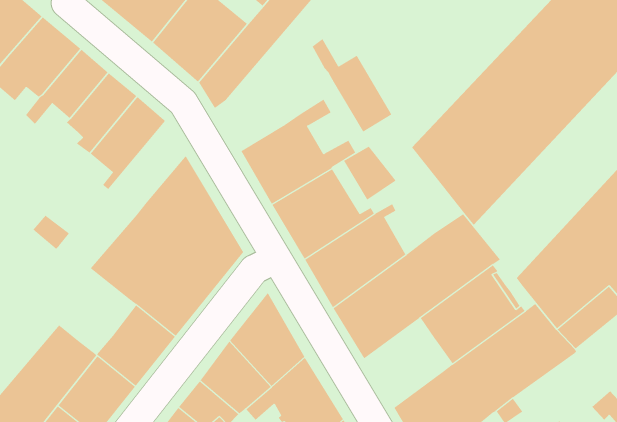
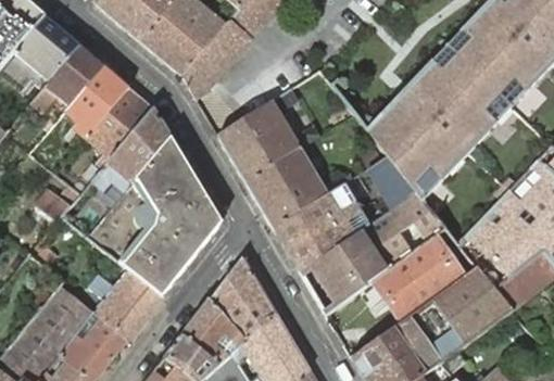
building: [312,38,392,132] -> none
building: none -> [93,109,172,190]
building: [343,146,397,201] -> [367,158,414,206]

